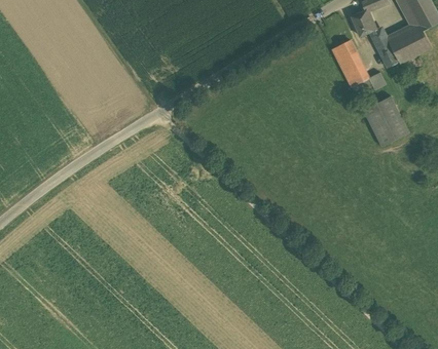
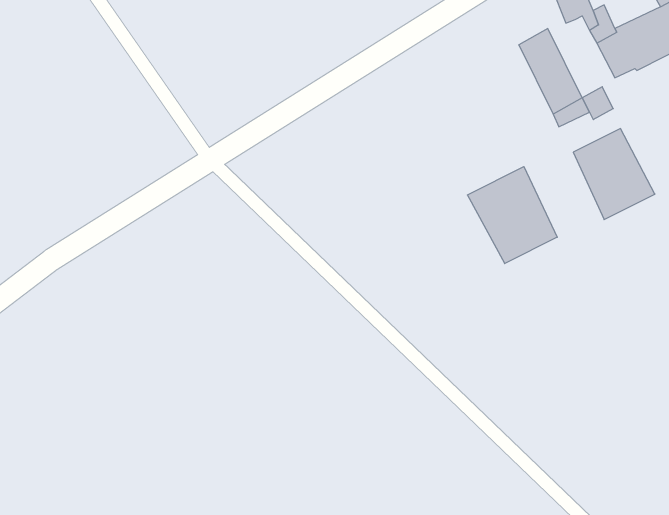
building: none -> [467,167,557,264]

